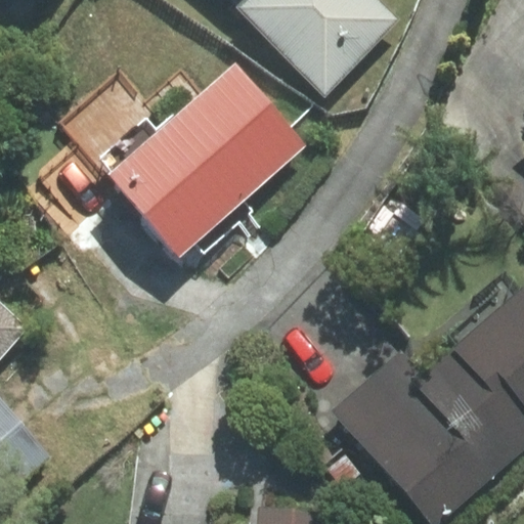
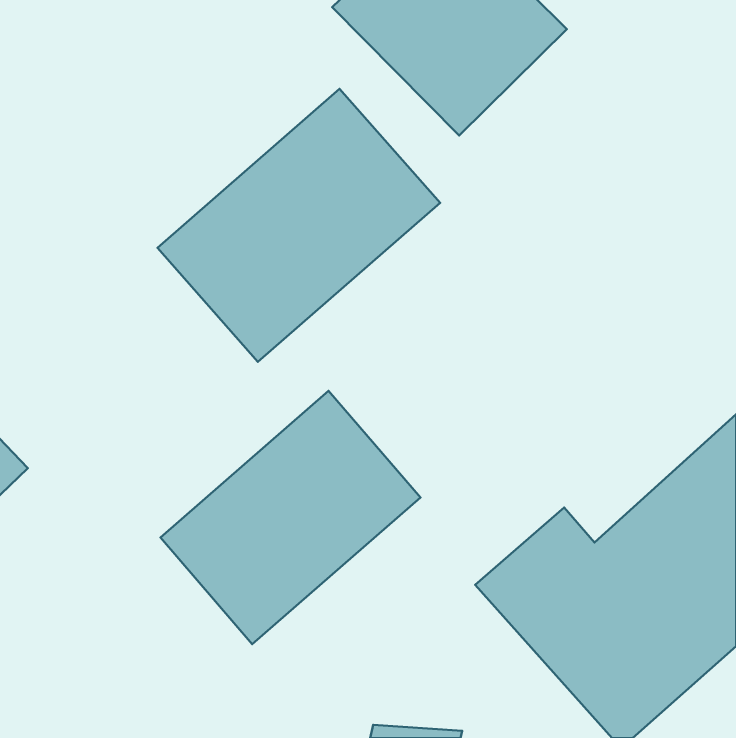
building: none -> [160,391,420,644]

